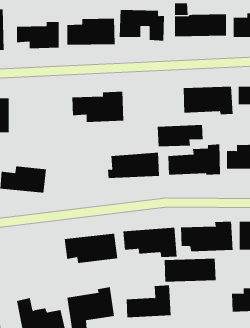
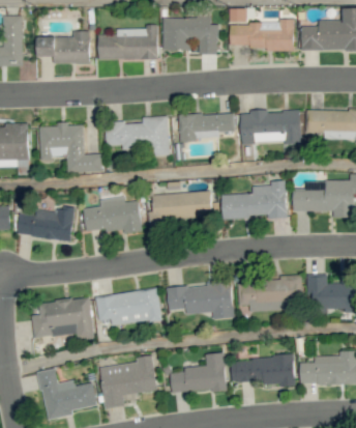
building: none -> [39,124,101,173]
building: [157,125,204,147] -> [178,113,235,140]
building: none -> [84,197,141,234]
building: none -> [31,297,94,339]
building: [164,258,216,282] -> [231,356,295,386]

